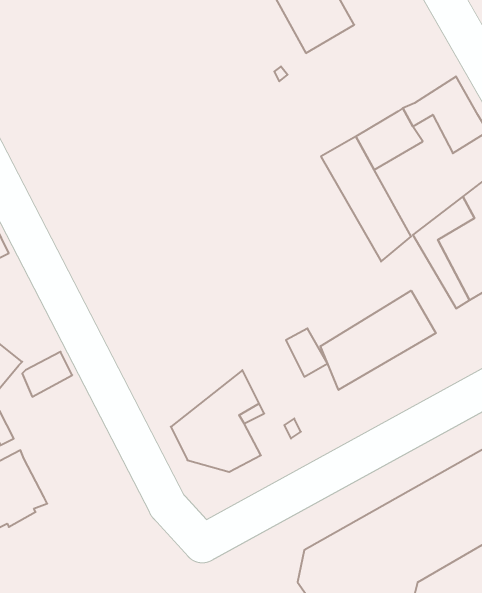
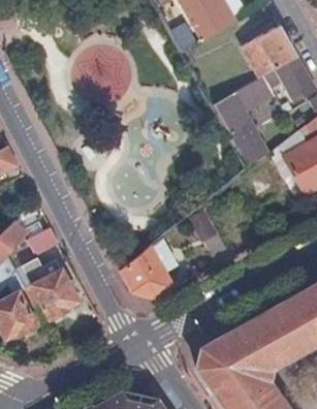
building: none -> [242,26,295,77]
building: [320,291,436,390] -> none
building: none -> [24,257,77,318]

